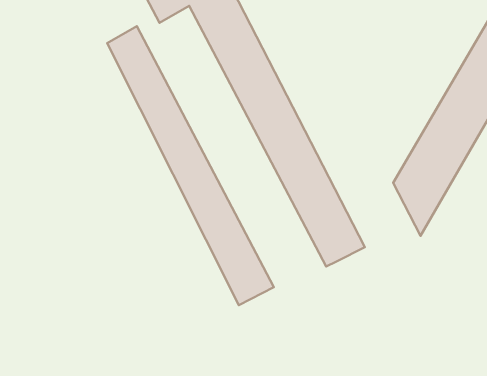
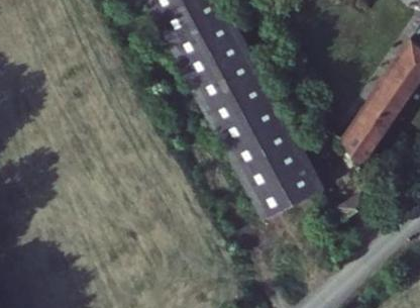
building: [107,26,274,305] -> [159,5,289,223]

